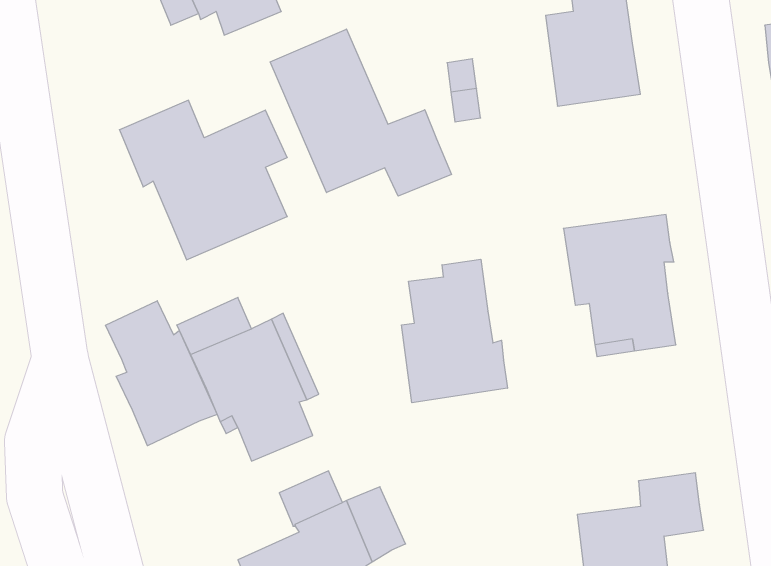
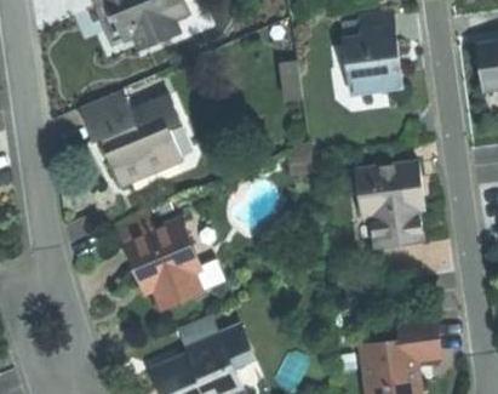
building: [270,29,452,196] -> none
building: [402,259,507,403] -> none
building: [106,301,217,446] -> none

